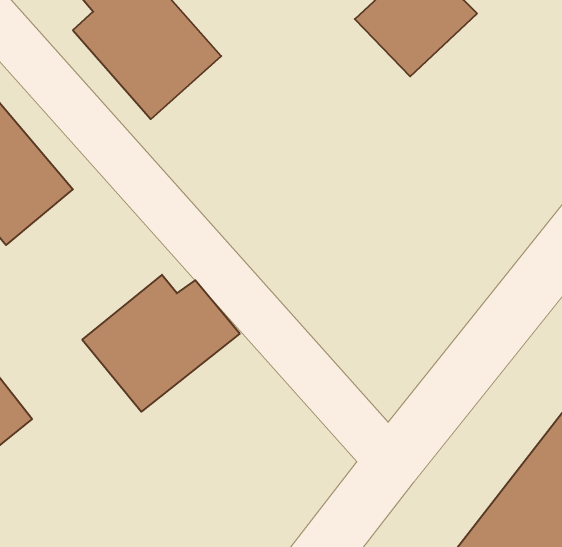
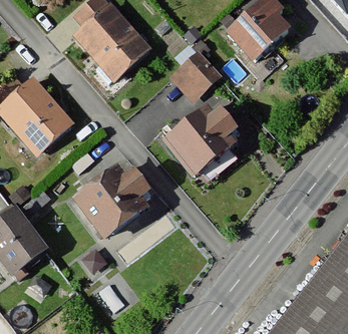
building: none -> [177,47,220,90]
building: none -> [161,99,237,175]

